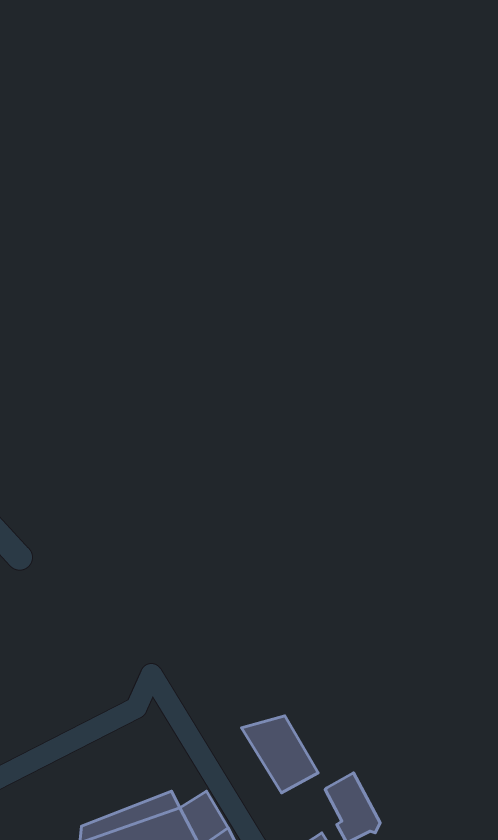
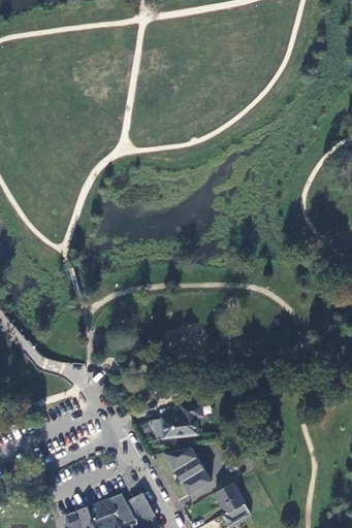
building: none -> [159,403,202,437]

